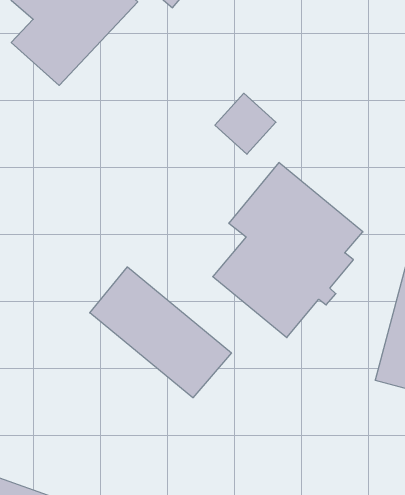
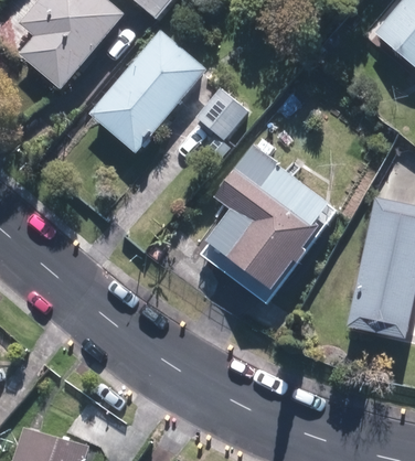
building: none -> [87,30,208,156]
building: [90,267,231,398] -> none

